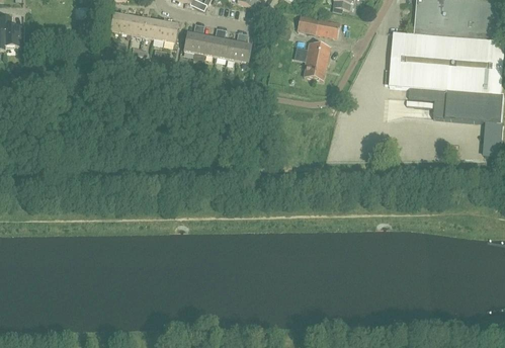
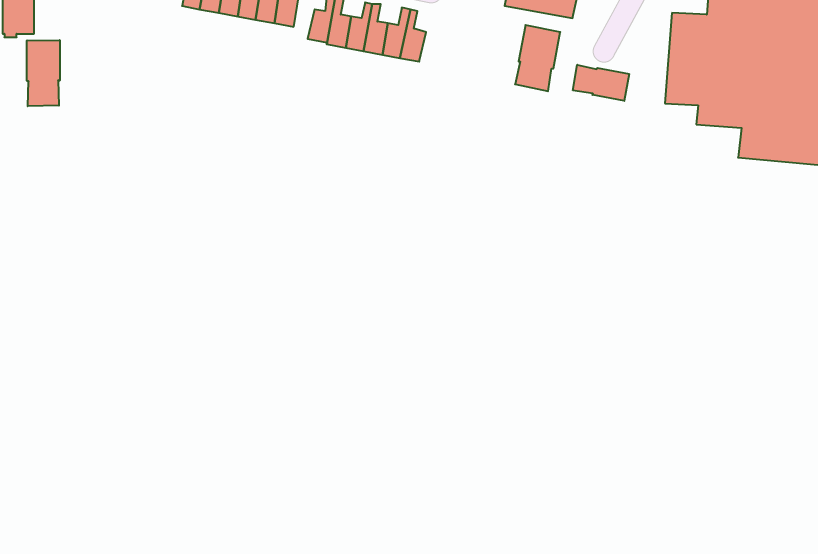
building: none -> [27,40,60,106]
building: none -> [573,65,629,101]

